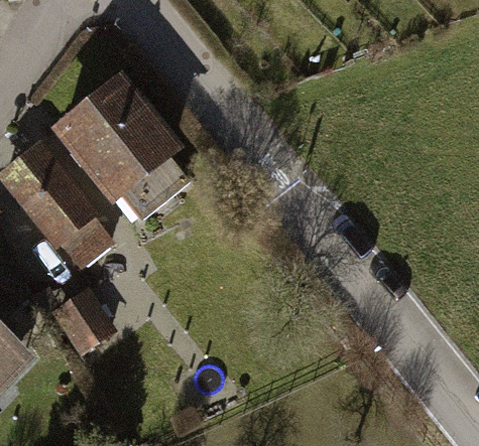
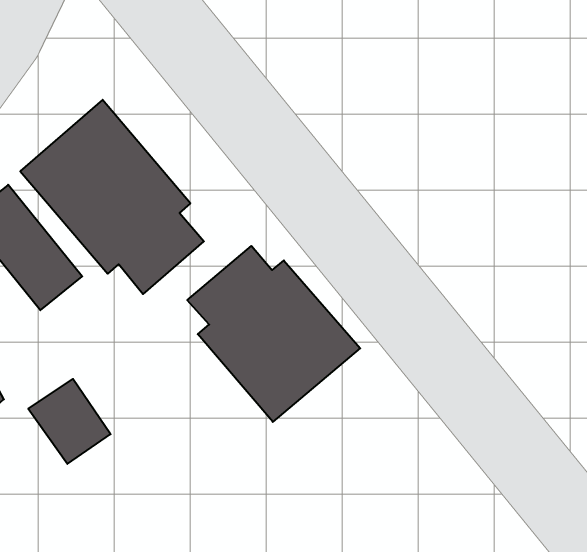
building: none -> [187,246,360,422]

